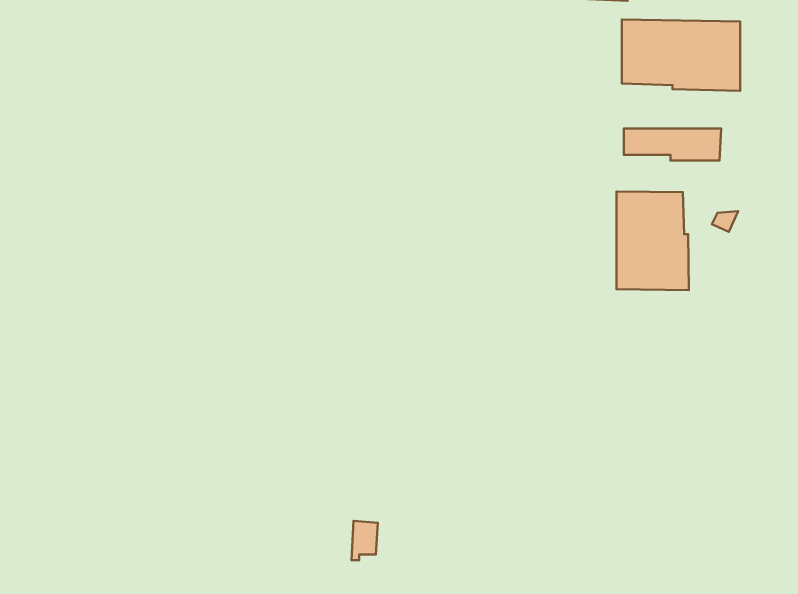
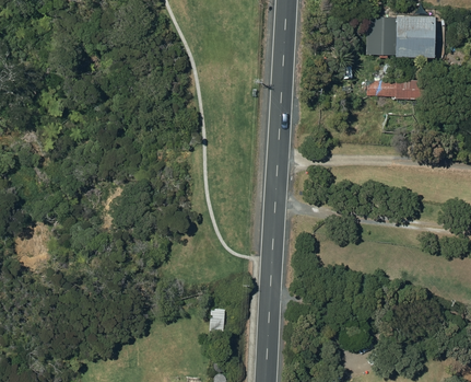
building: [616,191,689,290] -> none

